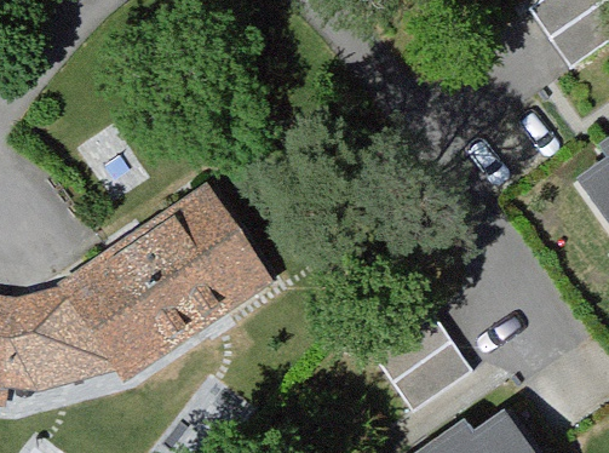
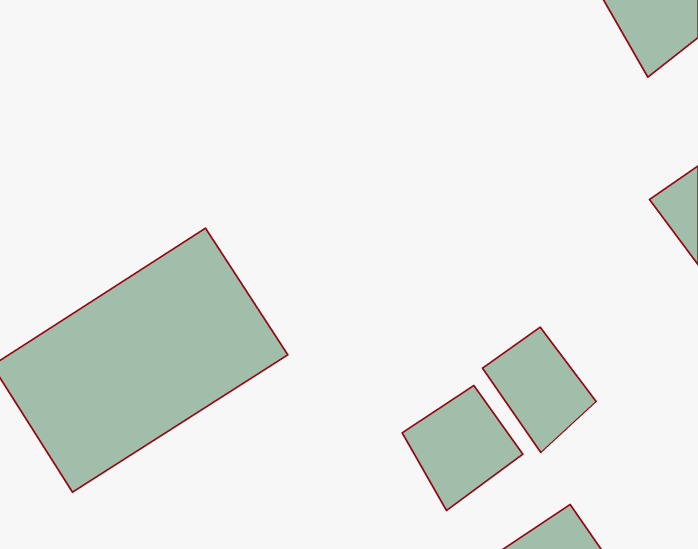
building: none -> [483,327,596,453]

